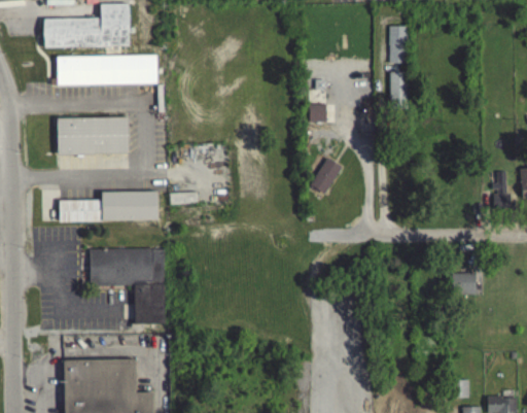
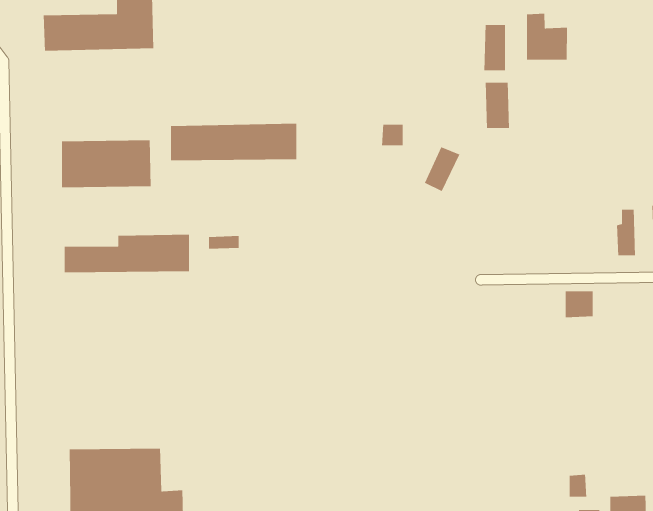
building: none -> [526,13,568,60]
building: [58,55,157,84] -> [170,123,297,161]
building: [312,158,341,194] -> [424,146,460,192]
building: [90,247,166,323] -> none
building: [453,273,476,295] -> [565,291,594,318]

